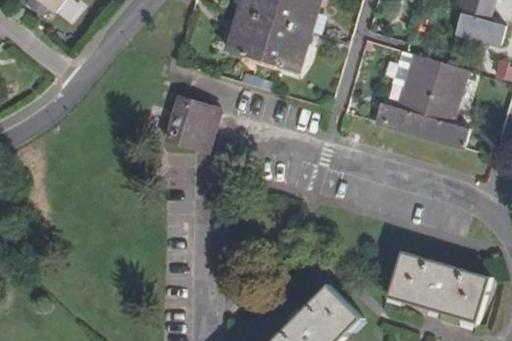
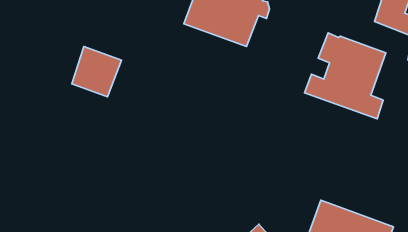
building: [163,95,221,154] -> [72,46,121,97]

